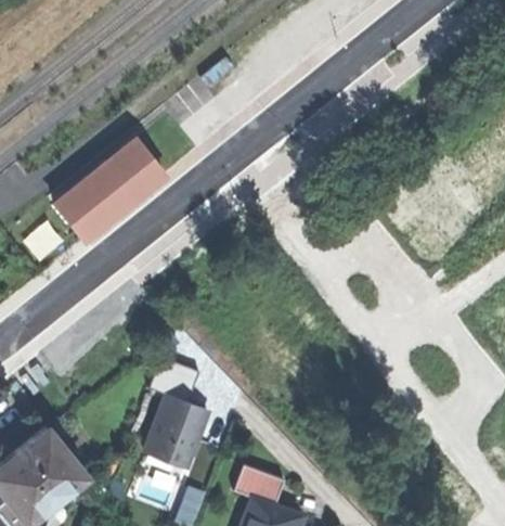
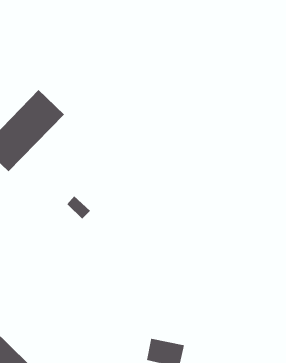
building: [144,396,207,471] -> none

